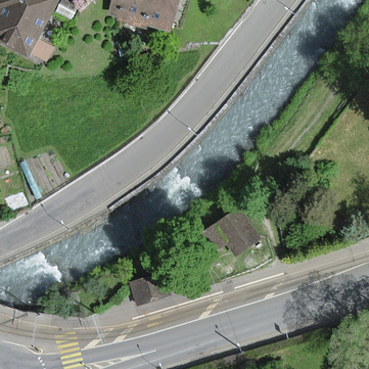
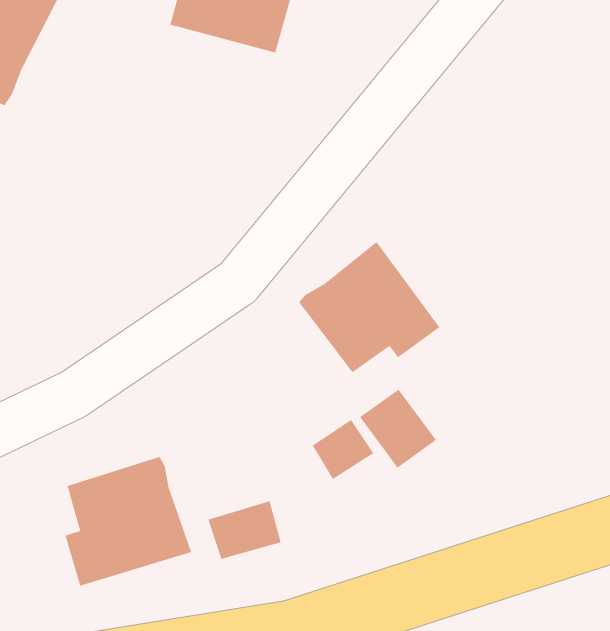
building: none -> [298,241,440,373]
building: none -> [65,456,192,587]

